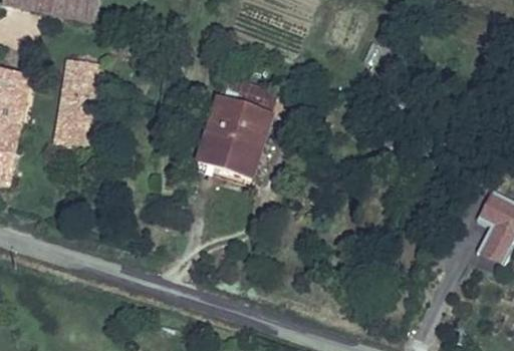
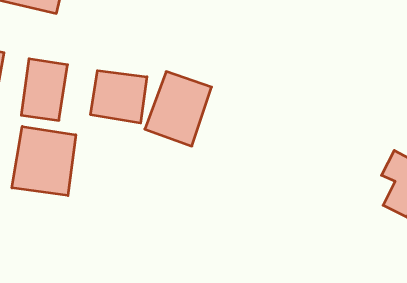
building: none -> [91,71,147,123]
building: none -> [12,126,76,196]

